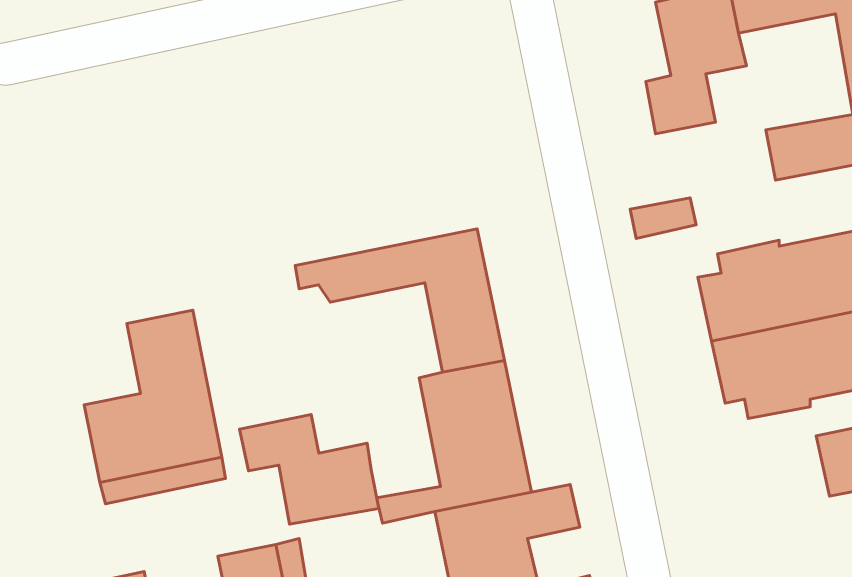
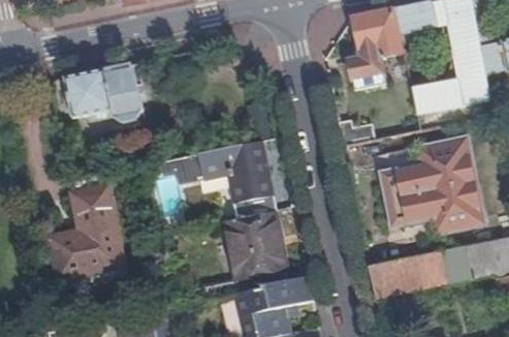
building: none -> [64,61,140,121]
building: [240,414,379,524] -> none
building: none -> [369,250,446,297]

